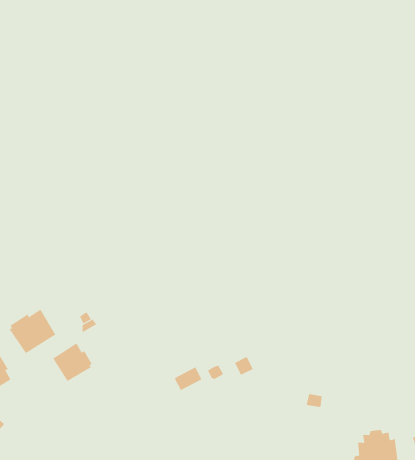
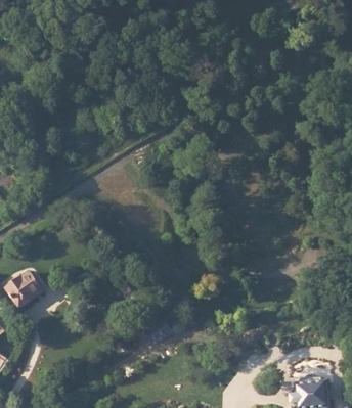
building: [53,343,92,382] -> none

